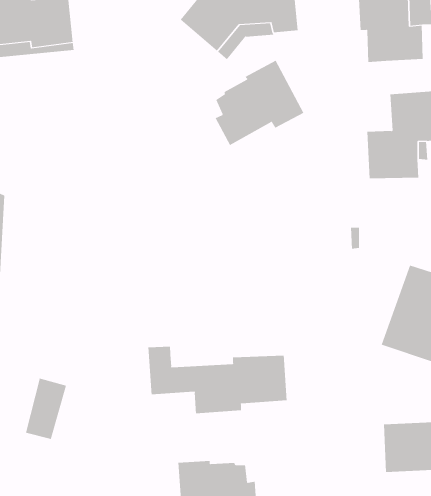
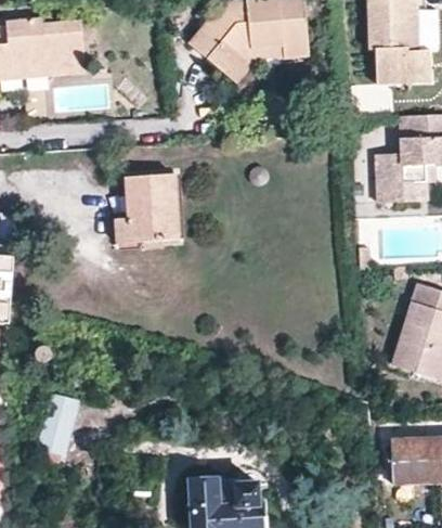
building: [215,60,304,146] -> none
building: none -> [116,173,178,242]
building: [148,346,287,414] -> none

